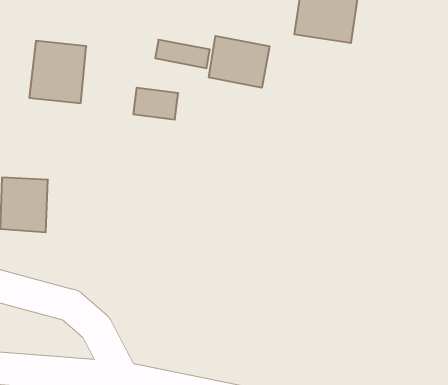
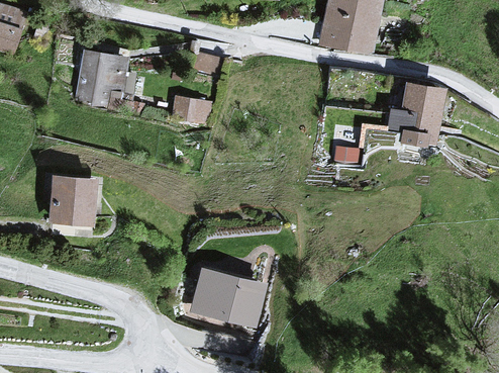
building: [209,36,269,88] -> none
building: none -> [398,84,444,146]
building: none -> [191,268,267,327]

